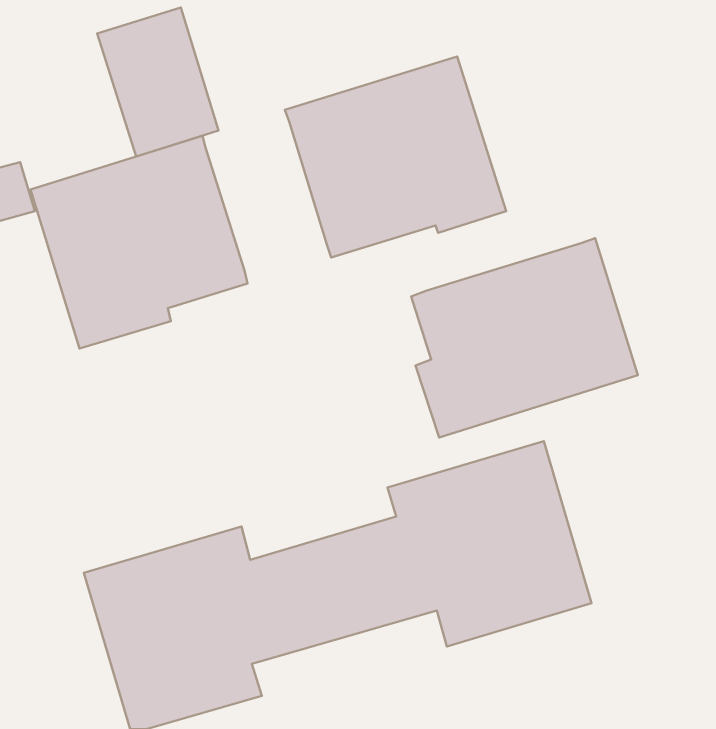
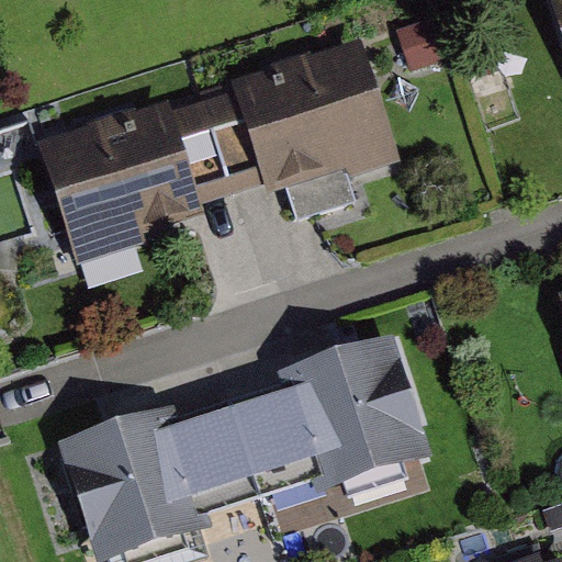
building: [97,8,219,157] -> [156,92,248,205]
building: [411,238,638,437] -> none

